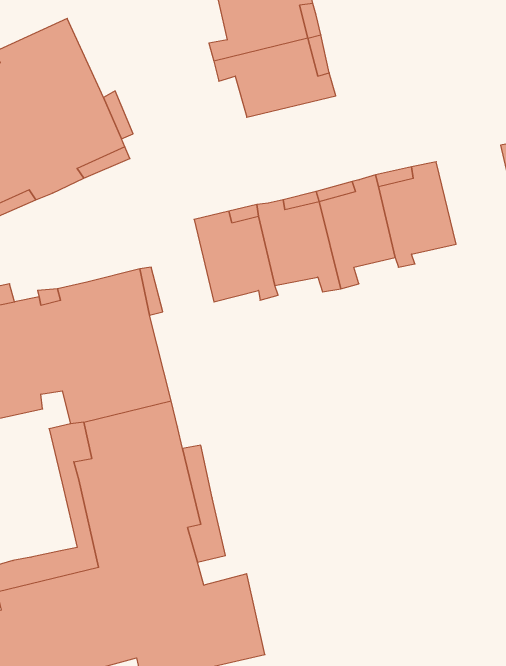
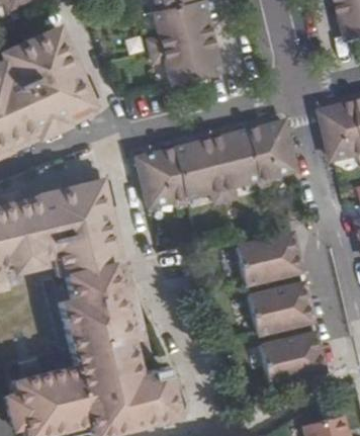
building: none -> [234,237,297,285]
building: none -> [246,286,308,335]
building: none -> [257,337,320,385]

